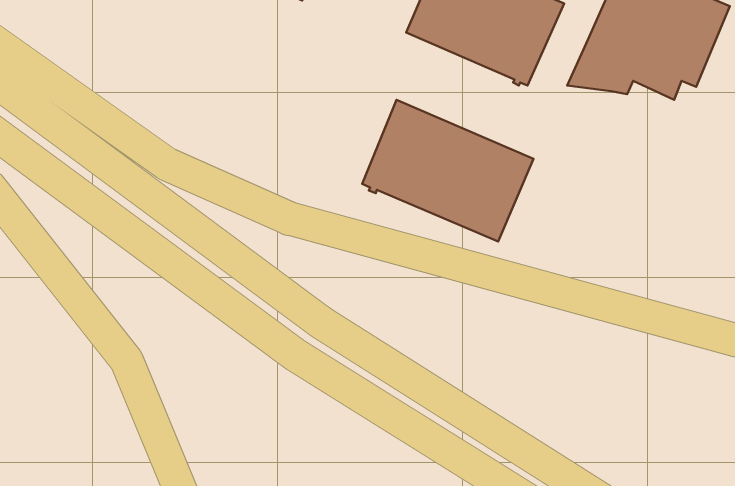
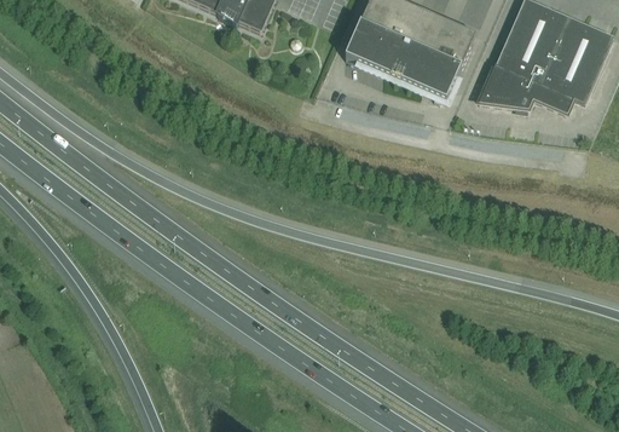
building: [362,100,534,241] -> none

